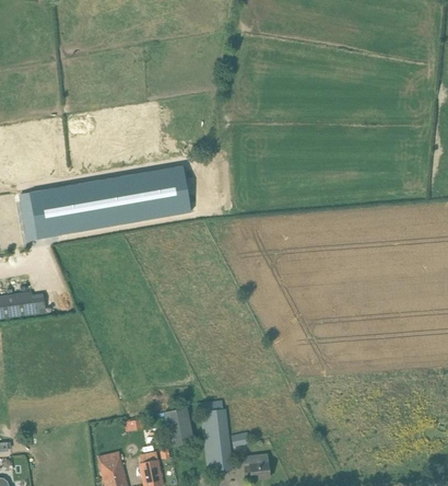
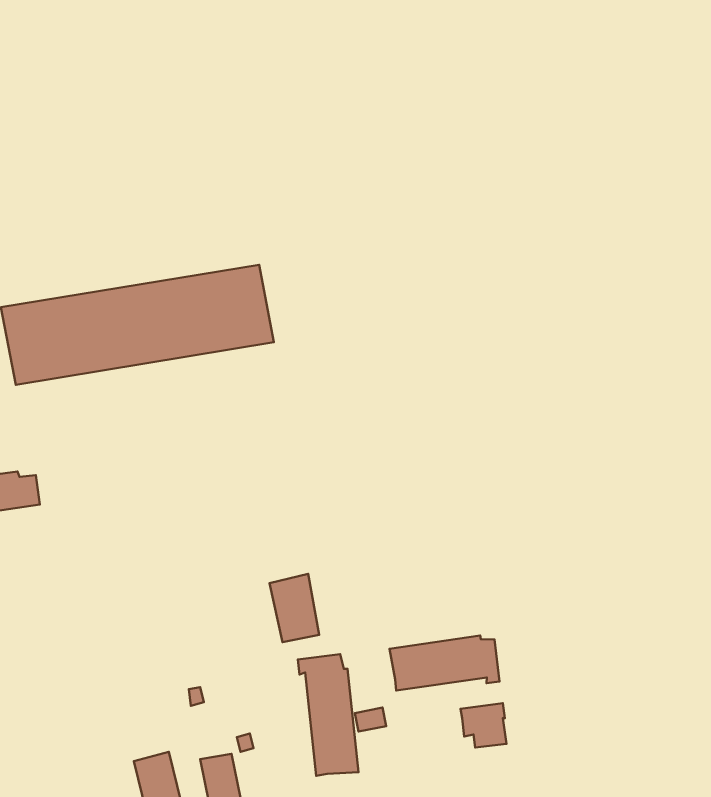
building: none -> [389,636,499,691]
building: [164,405,193,445] -> [269,574,319,642]
building: [243,451,270,477] -> [460,703,507,748]

